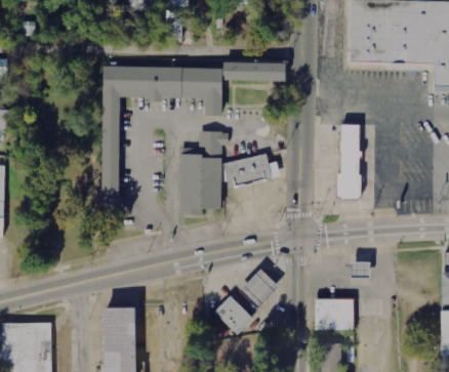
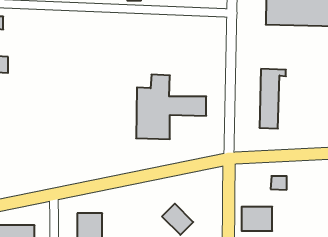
building: [101,59,287,206] -> none
building: [239,268,278,308] -> none

